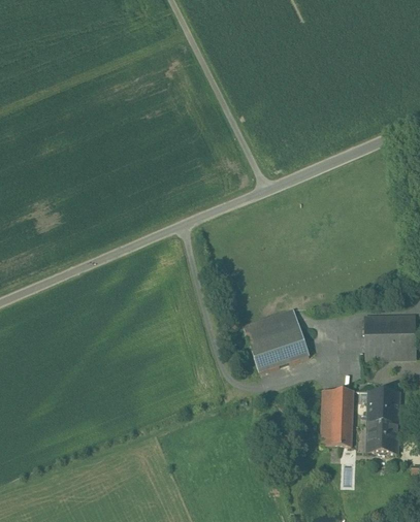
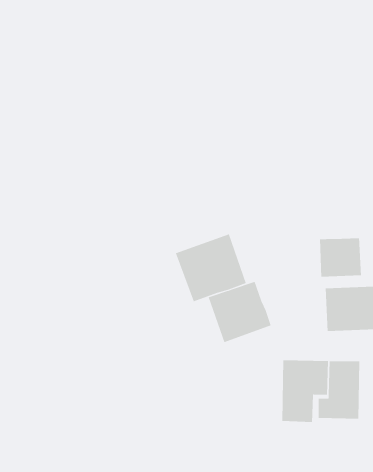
building: none -> [175,234,247,302]
building: none -> [319,237,362,278]

